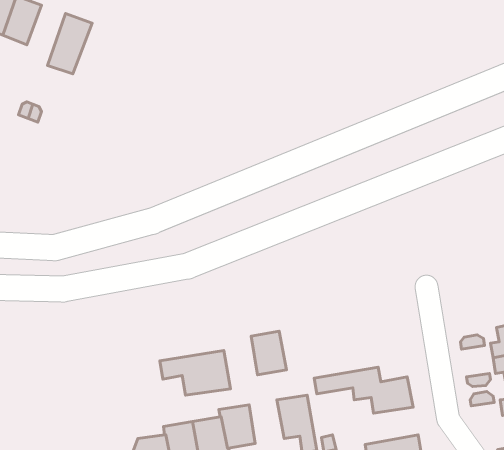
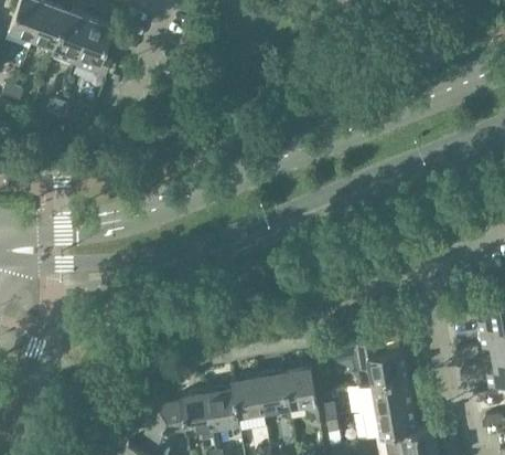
building: none -> [51,12,89,67]
building: [251,331,286,375] -> [257,373,289,413]
building: [160,350,231,395] -> none
building: none -> [358,380,411,414]

